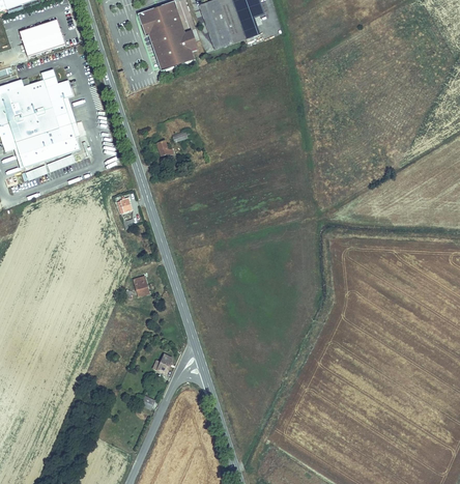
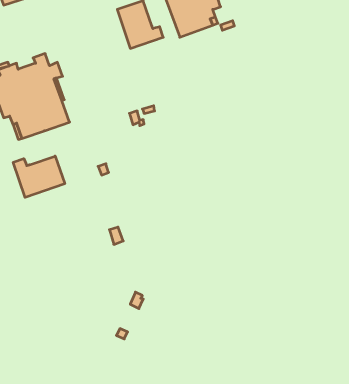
building: [19,19,64,56] -> none
building: none -> [13,156,65,197]

